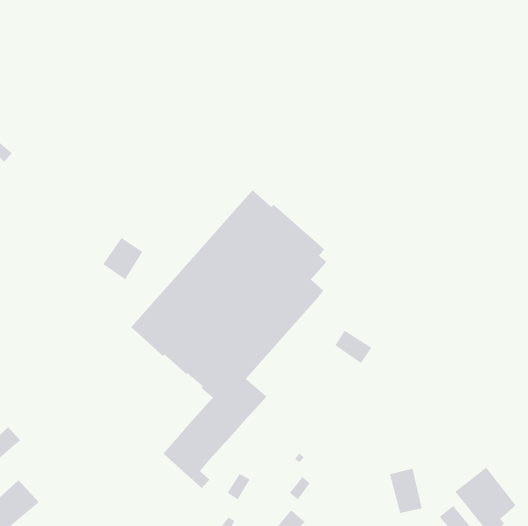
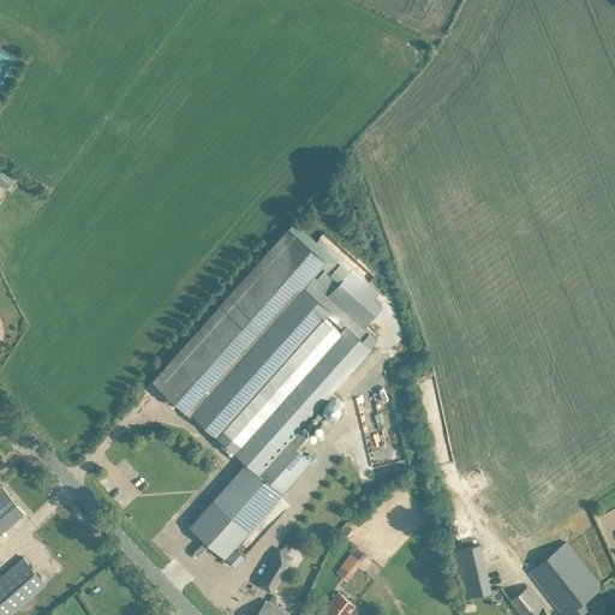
building: [103,237,143,280] -> none
building: [335,330,372,364] -> none

